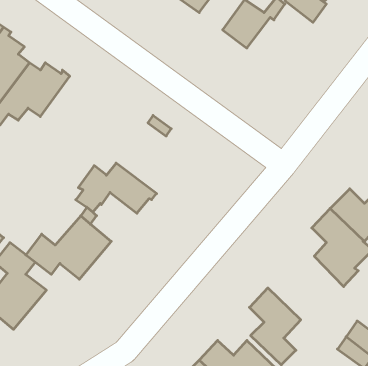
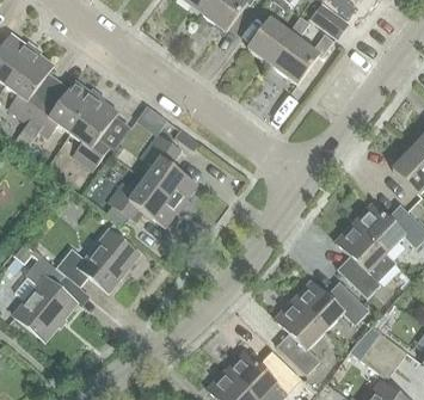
building: none -> [271,33,332,84]
building: none -> [69,93,117,170]
building: none -> [140,133,196,208]
building: none -> [291,281,368,331]

